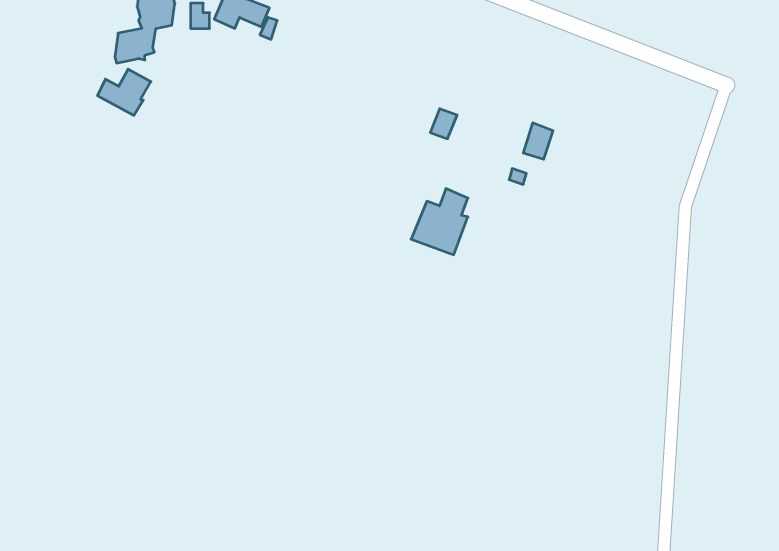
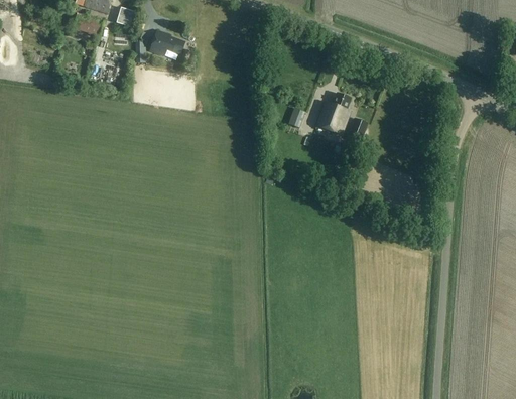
building: [98,69,151,115] -> none
building: [411,189,468,255] -> [314,93,351,135]

